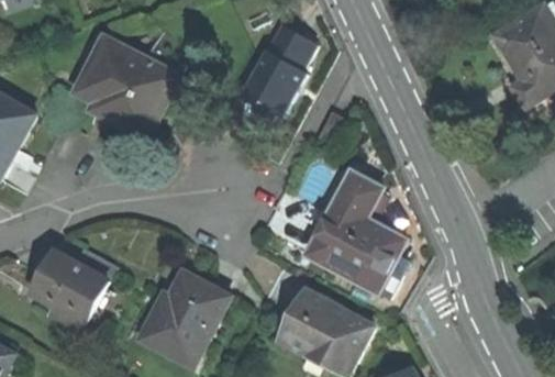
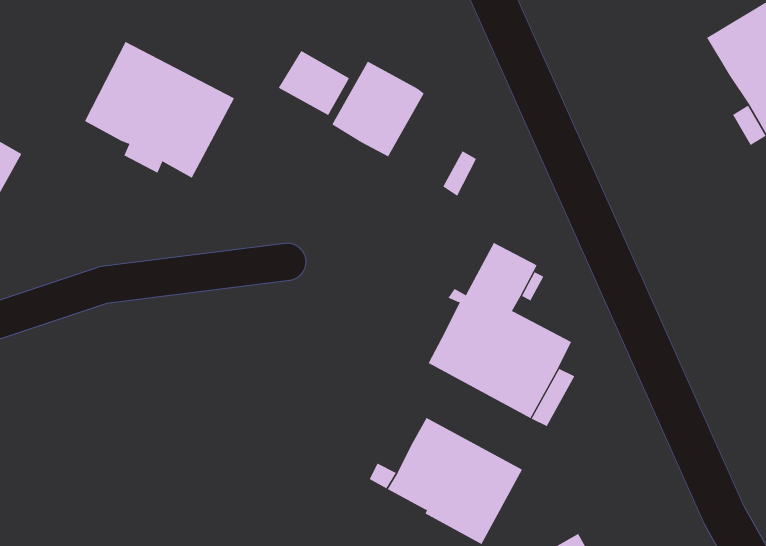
building: [267,24,315,68] -> [278,50,350,116]
building: [33,251,108,329] -> none
building: [141,270,229,359] -> none

